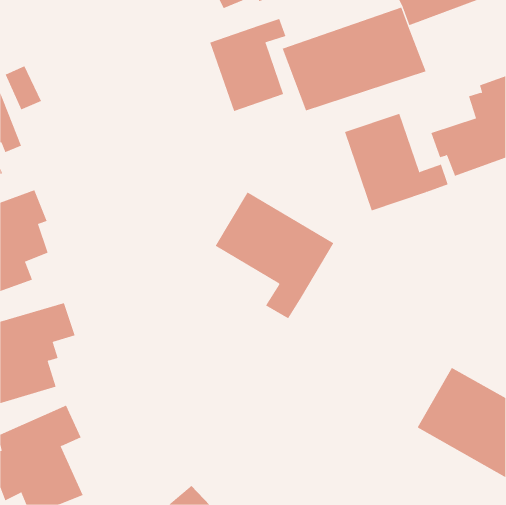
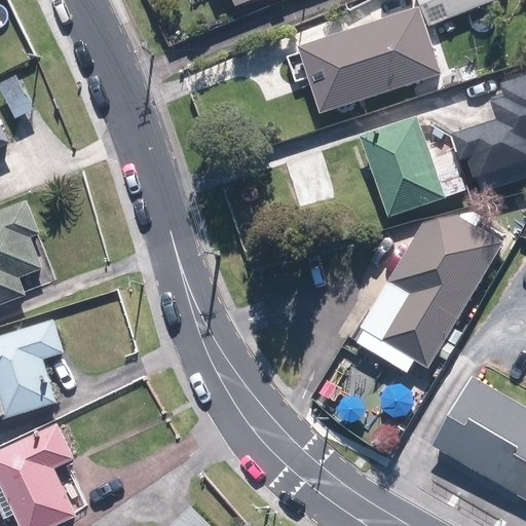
building: [209,18,286,112] -> none
building: [215,191,334,319] -> none
building: none -> [356,216,501,371]

